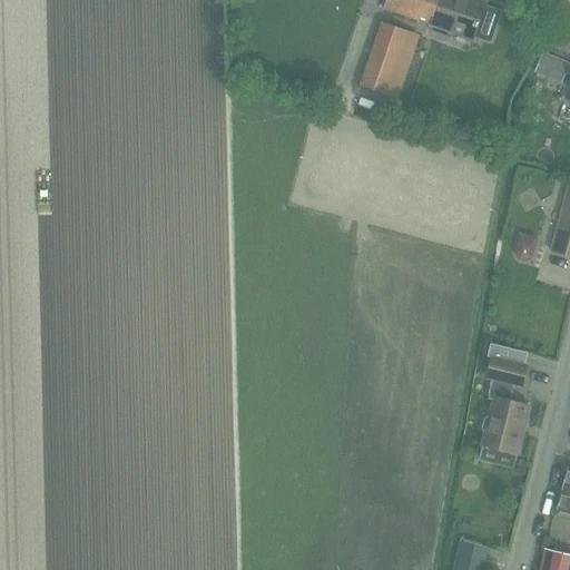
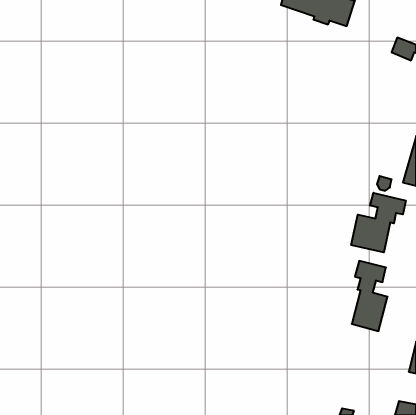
building: [362,21,421,98] -> none
building: none -> [351,193,406,252]

